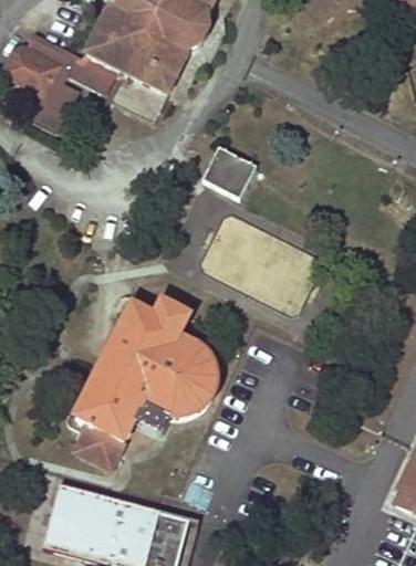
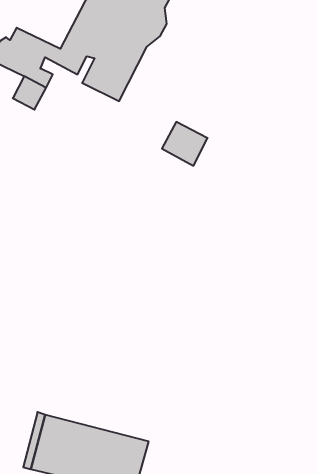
building: [74,300,216,465] -> none

